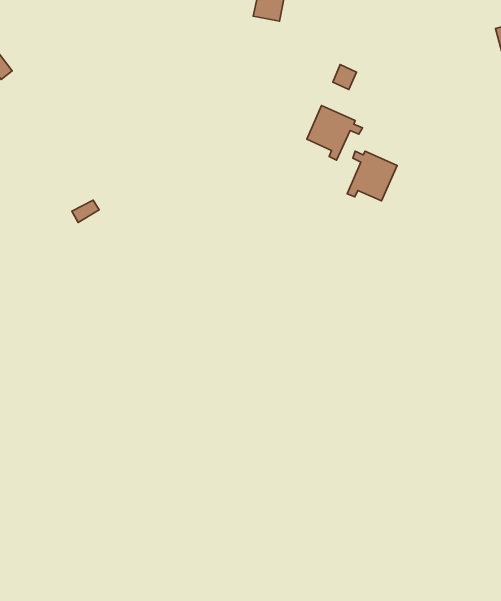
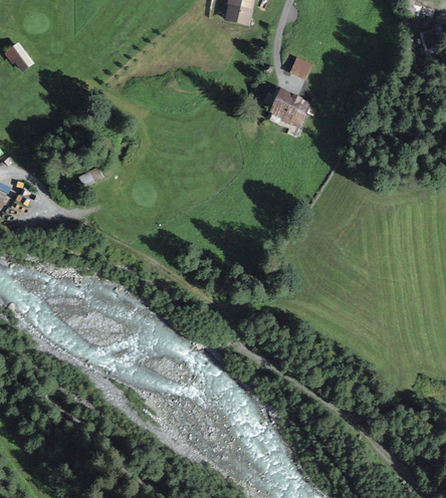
building: [347,151,397,201] -> none

